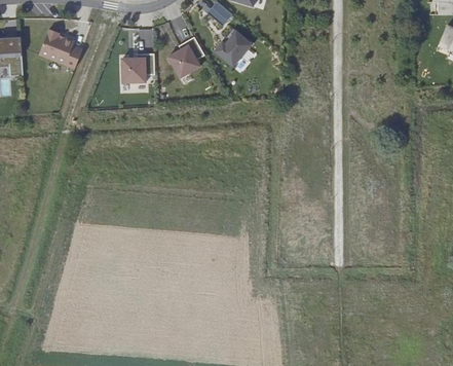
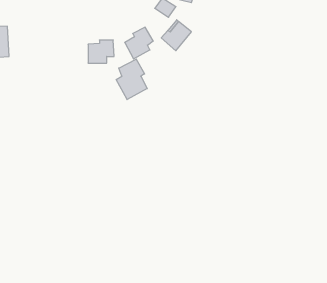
building: [38,35,80,74] -> none
building: none -> [116,59,147,100]

